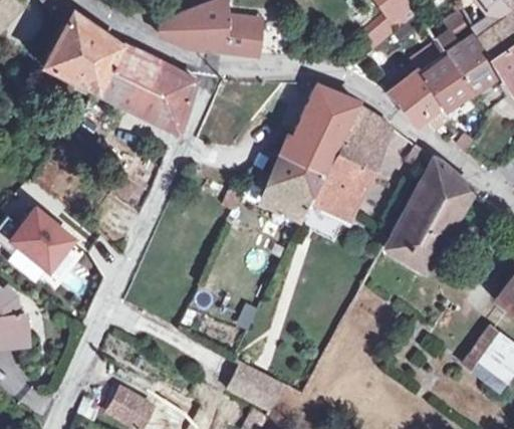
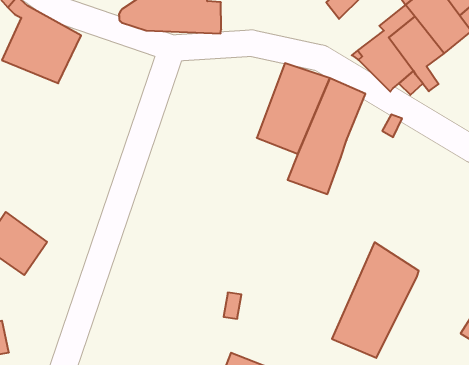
building: [96,44,195,130] -> none
building: [383,157,473,268] -> [332,242,419,358]
building: [264,158,321,222] -> none

